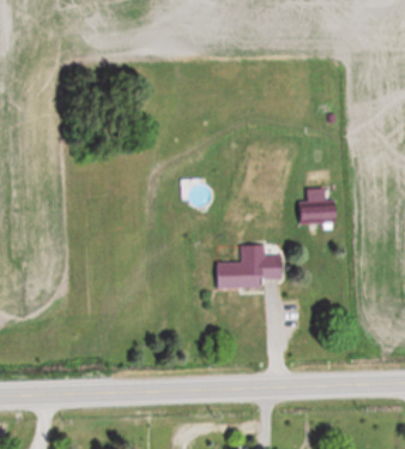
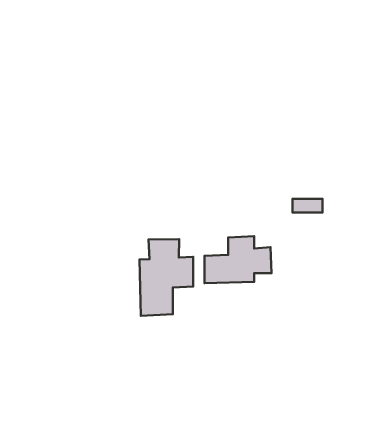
building: none -> [139,239,193,316]

